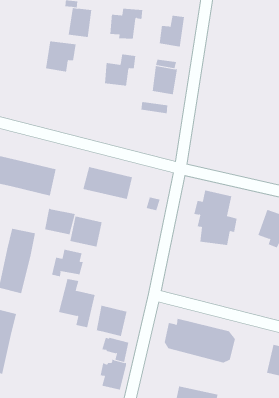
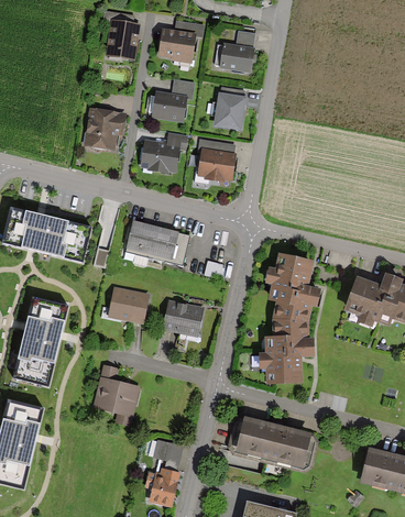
building: [45,41,76,72] -> [84,109,123,148]
building: none -> [141,132,186,170]
building: none -> [198,151,232,180]
building: [44,208,75,235] -> none
building: none -> [162,299,205,337]
building: none -> [260,318,315,383]
building: [52,249,83,277] -> none
building: [96,305,127,337] -> none

